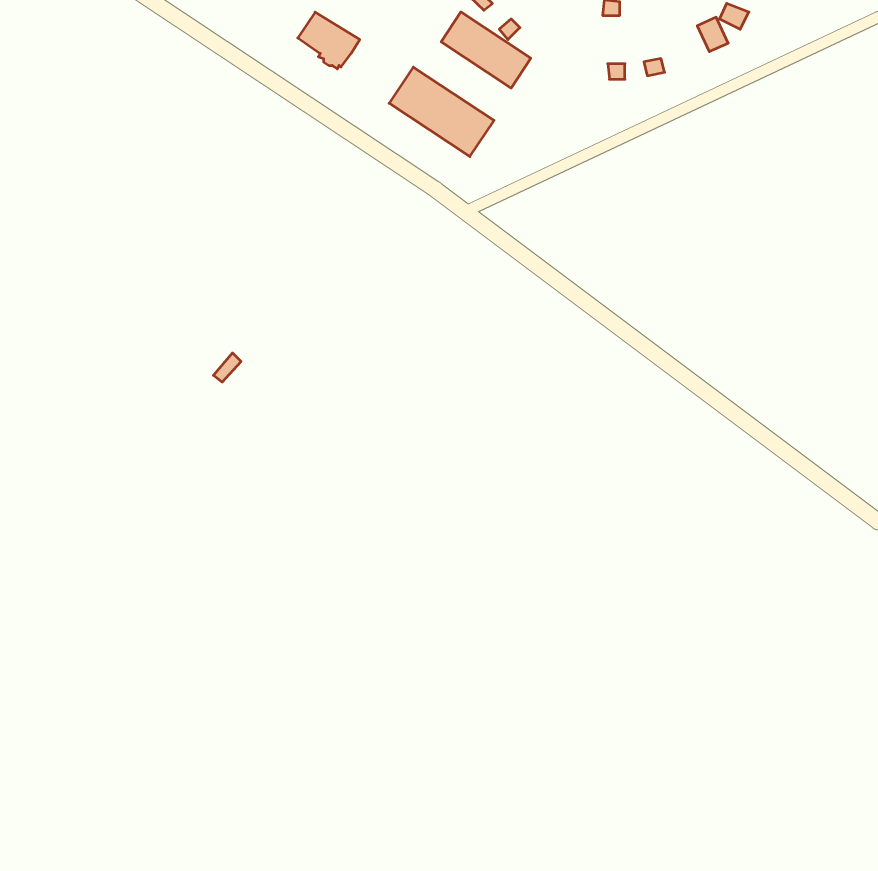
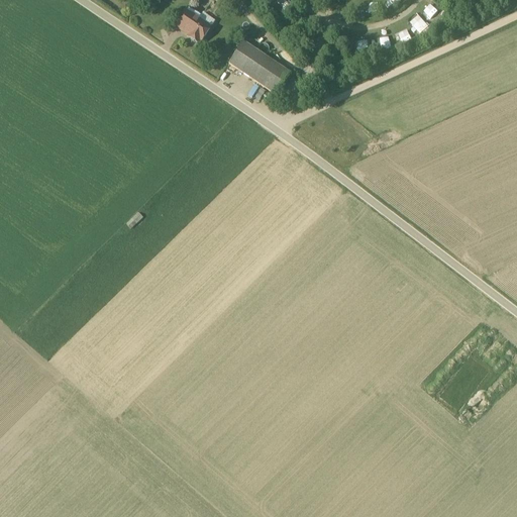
building: [441,12,531,88] -> none

